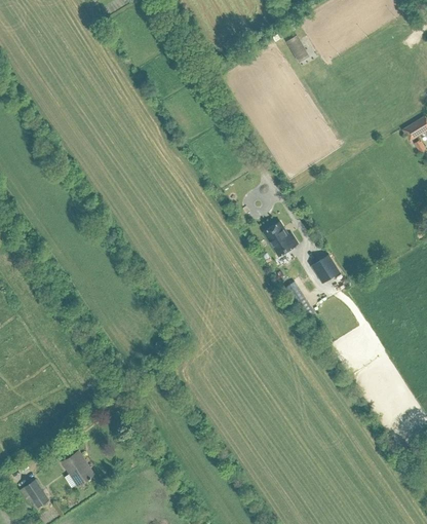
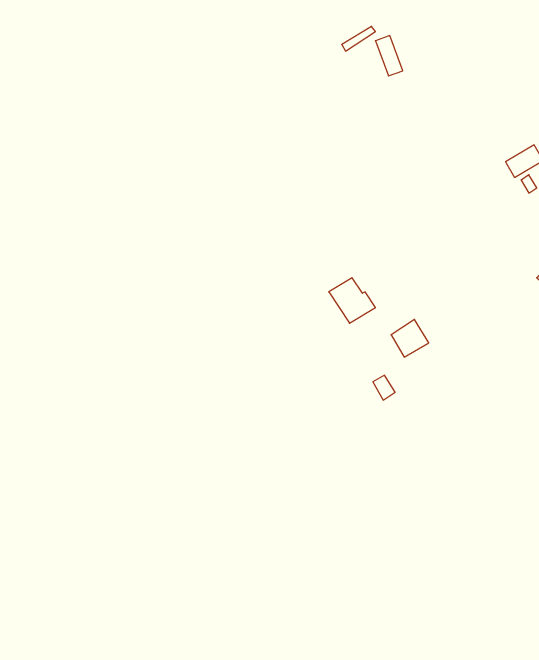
building: [61,451,93,486] -> none
building: [18,479,48,509] -> none

